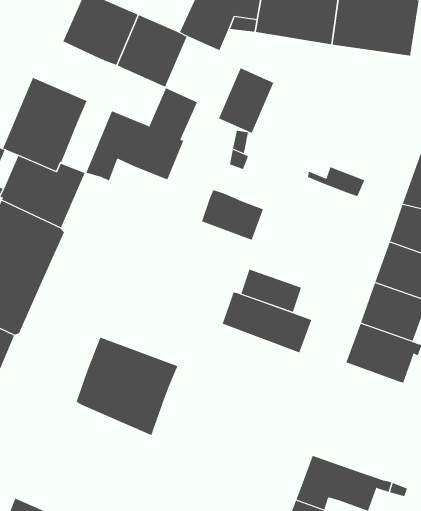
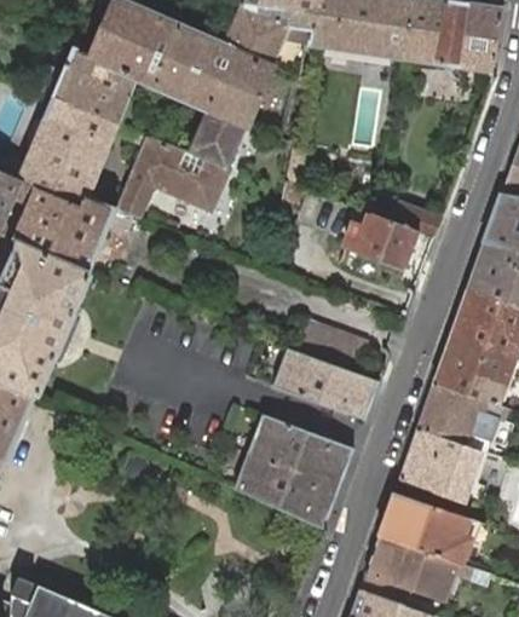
building: none -> [53,48,135,125]
building: [218,67,274,133] -> [208,50,273,126]
building: [201,189,264,240] -> [345,208,417,267]
building: [76,337,178,436] -> [235,413,353,527]
building: none -> [399,428,480,502]
building: none -> [379,492,471,565]

